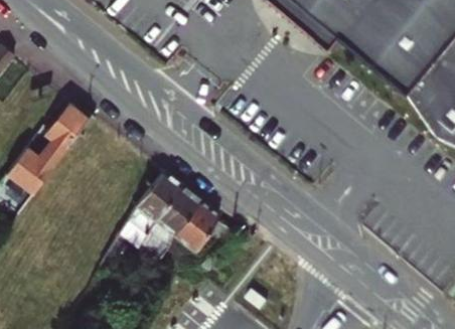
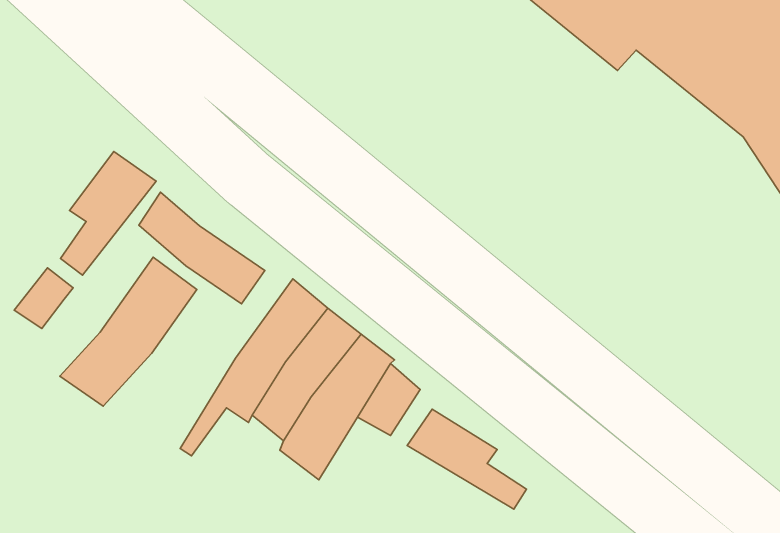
building: none -> [139,192,265,304]
building: none -> [60,257,197,406]
building: none -> [407,409,526,509]

